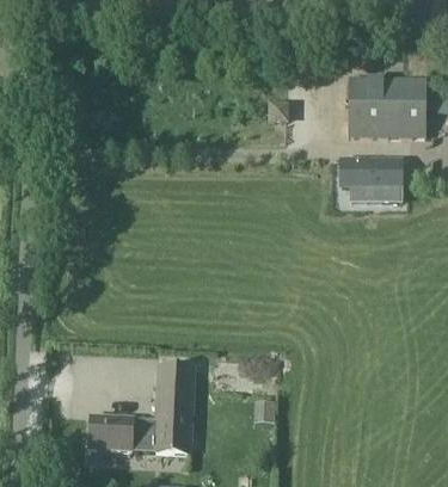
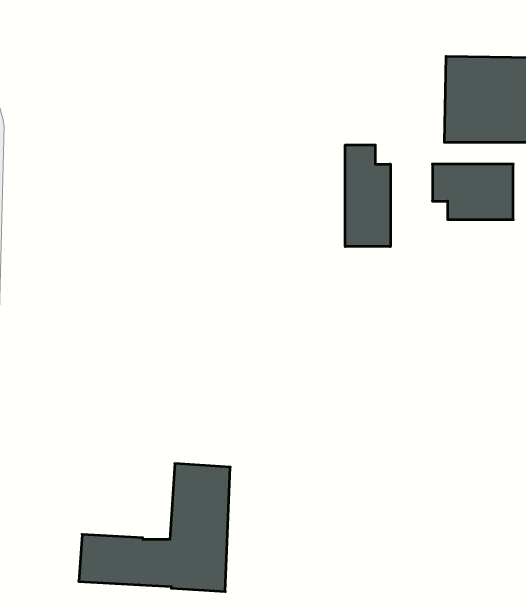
building: none -> [345,145,390,247]

